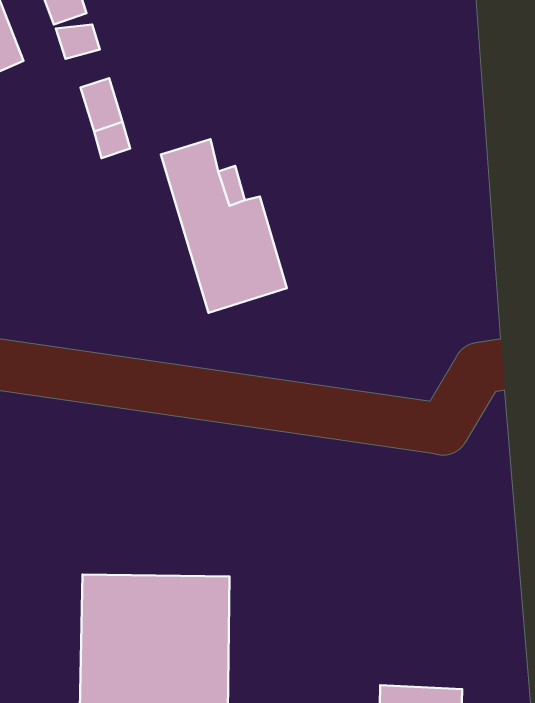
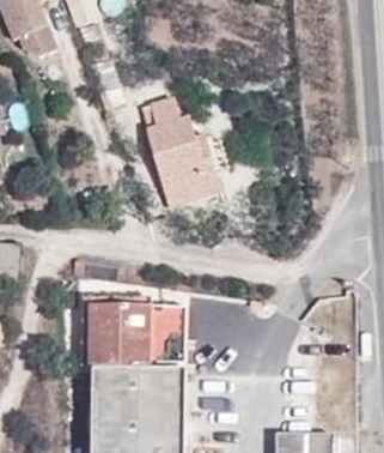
building: none -> [87,304,184,367]

